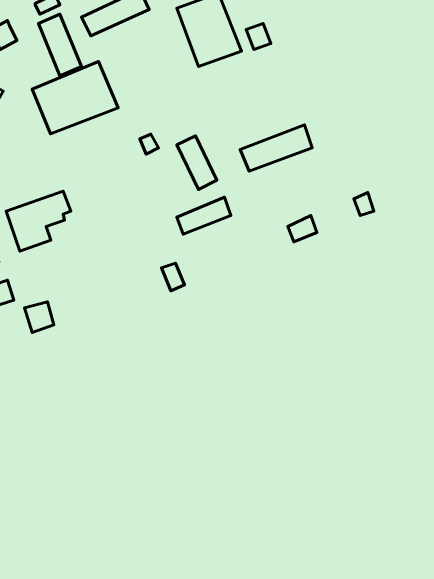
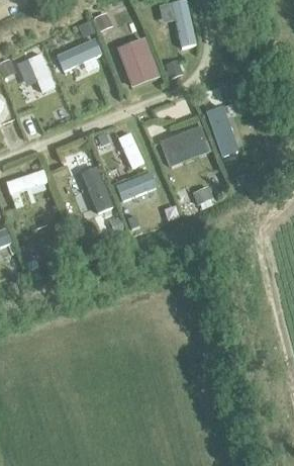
building: [32,62,118,134] -> none
building: none -> [209,113,233,155]
building: none -> [83,168,114,214]

